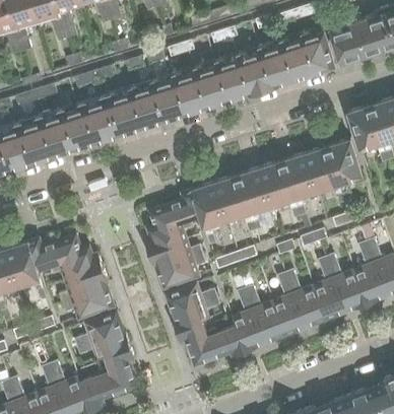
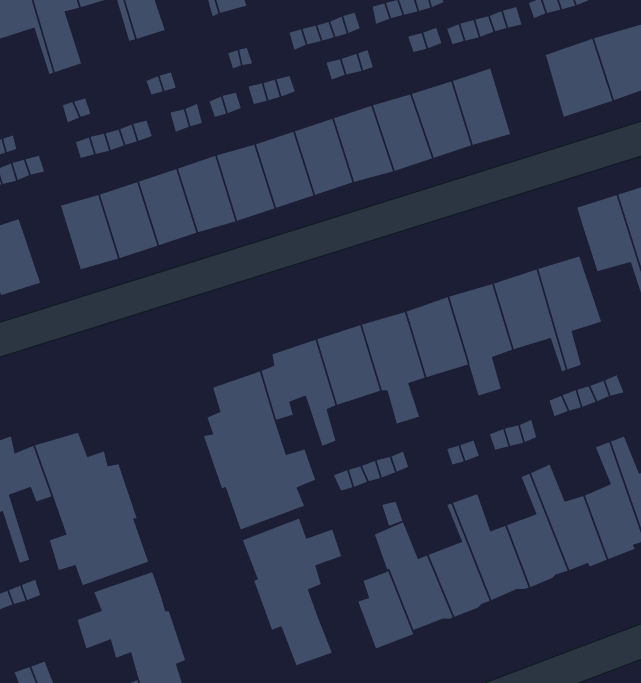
building: [301,30,335,74] -> none
building: [43,113,76,155] -> none
building: [206,329,238,357] -> none

